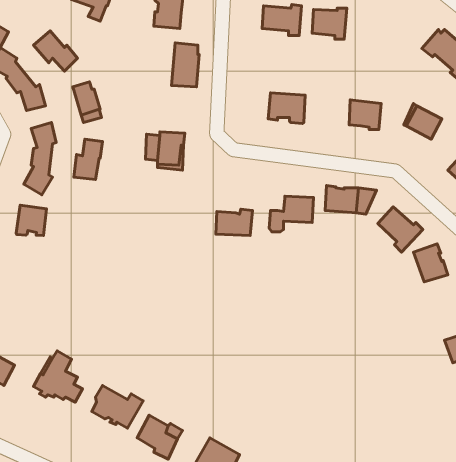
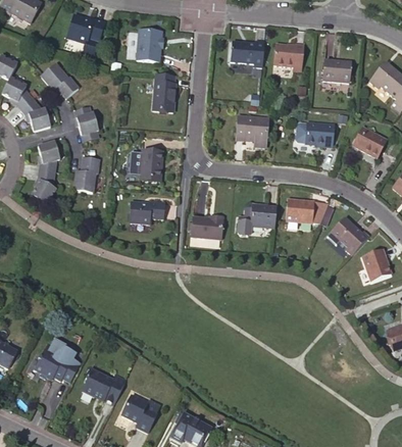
building: none -> [322,59,352,82]
building: none -> [131,201,167,225]
building: [16,205,47,235] -> none

